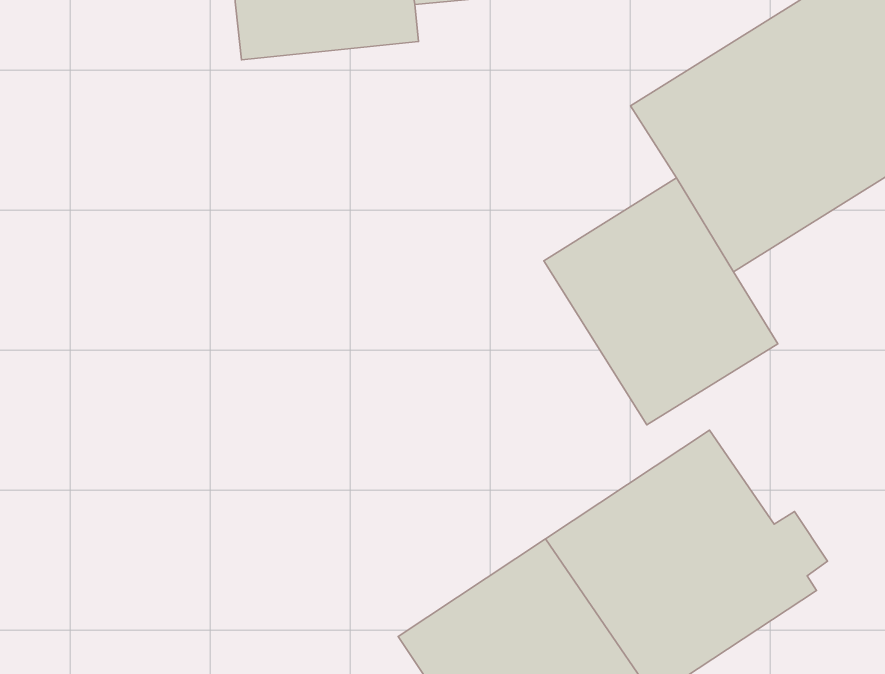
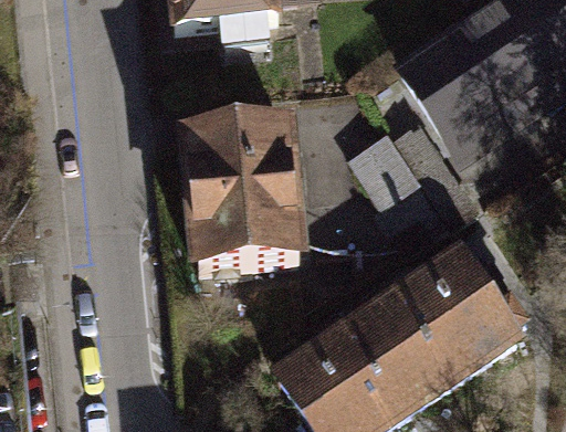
building: none -> [178,131,304,286]

